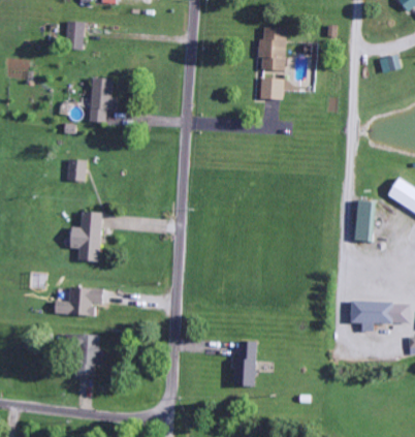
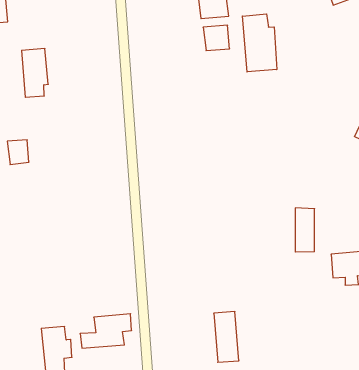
building: none -> [242,14,277,72]
building: [354,199,377,242] -> [295,208,315,252]
building: [70,211,102,261] -> none
building: [56,287,104,316] -> [80,314,132,348]

